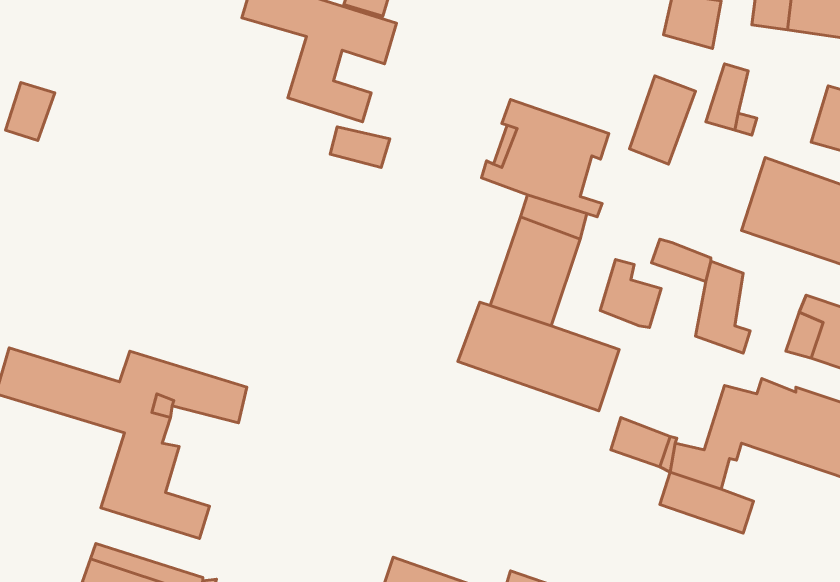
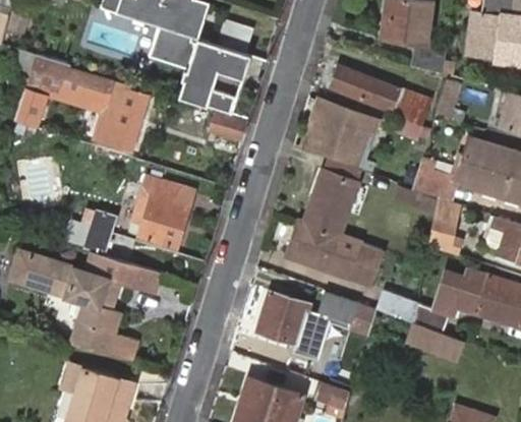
building: none -> [27,54,148,149]
building: none -> [329,67,395,108]
building: none -> [131,176,193,246]
building: [600,260,661,328] -> [414,156,451,196]
building: none -> [82,212,114,253]
building: none -> [255,294,324,360]
building: none -> [321,295,374,336]

